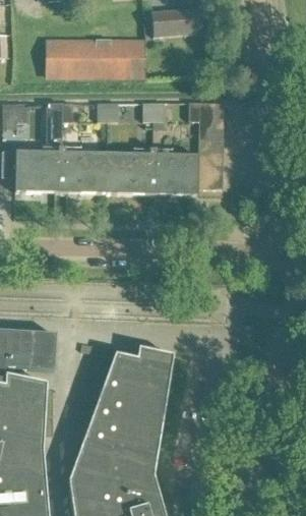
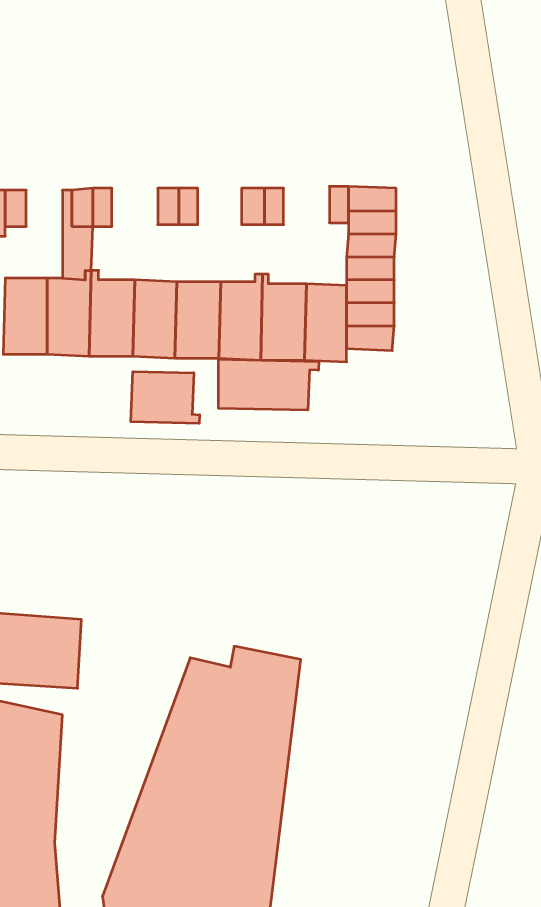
building: [150,9,202,37] -> none
building: [47,40,141,77] -> none
building: none -> [219,359,319,410]
building: none -> [131,372,200,423]

